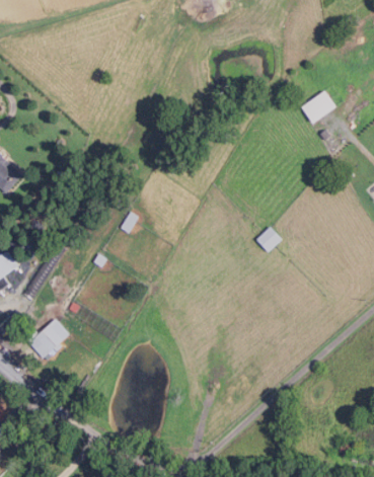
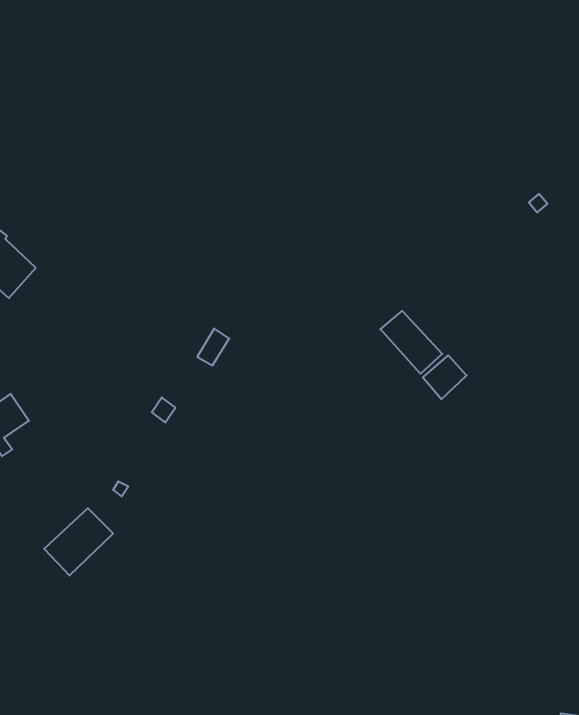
building: [303,90,336,122] -> none
building: none -> [380,311,442,374]

